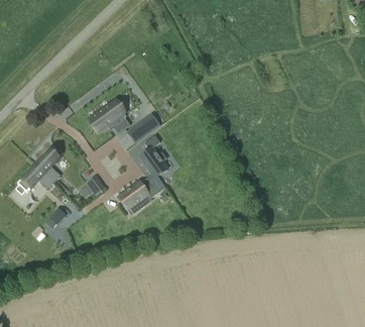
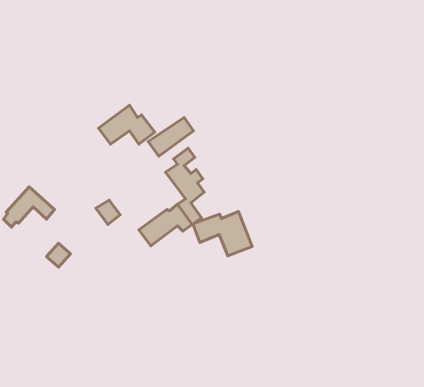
building: [35,145,63,182] -> none
building: none -> [193,211,252,256]

